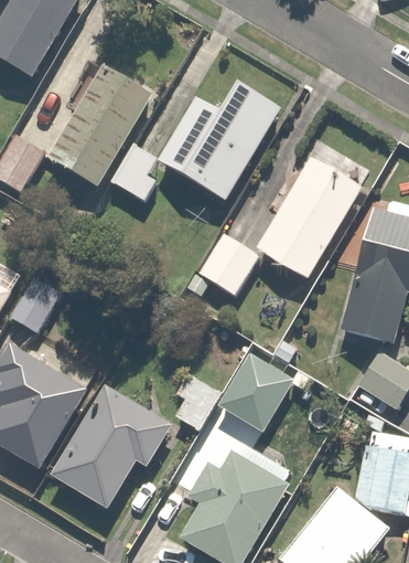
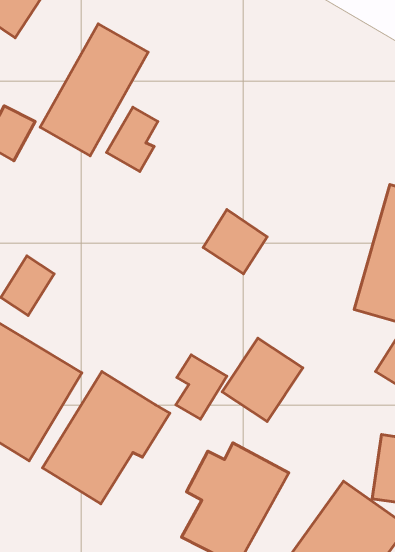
building: [157,79,282,202] -> none
building: [255,155,363,279] -> none

